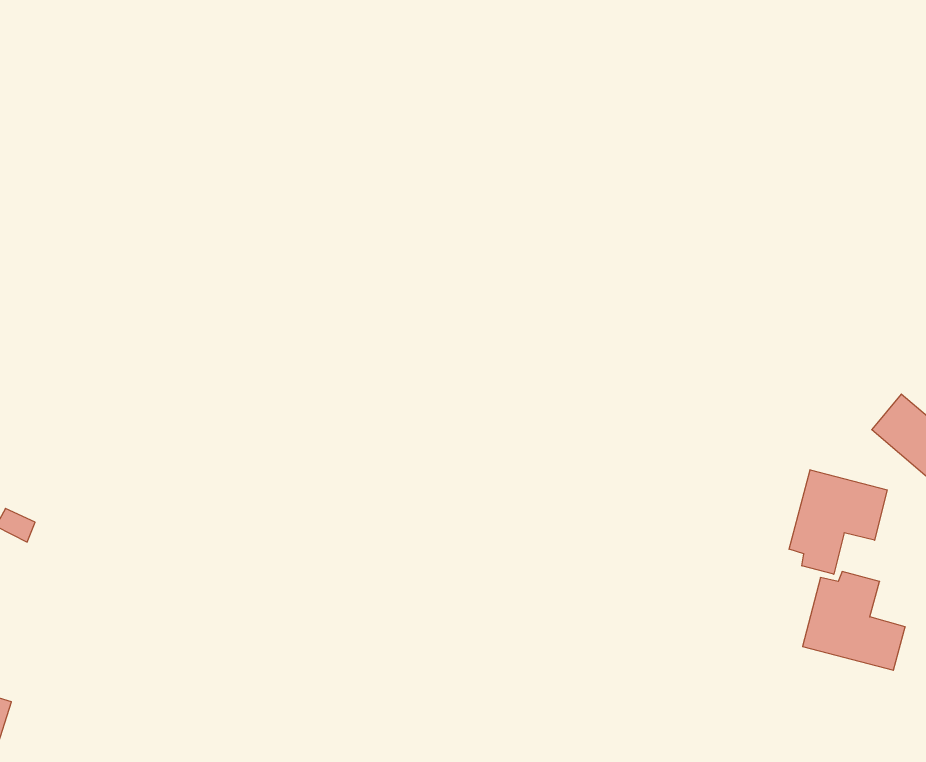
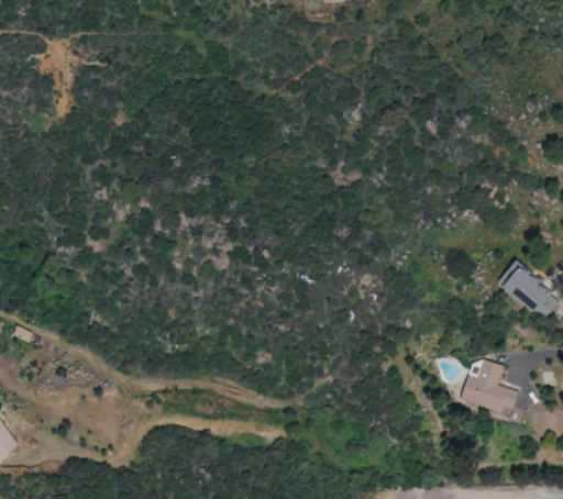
building: [789,470,887,574] -> none

